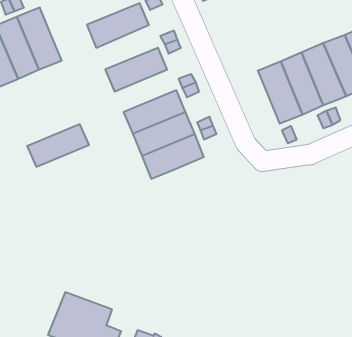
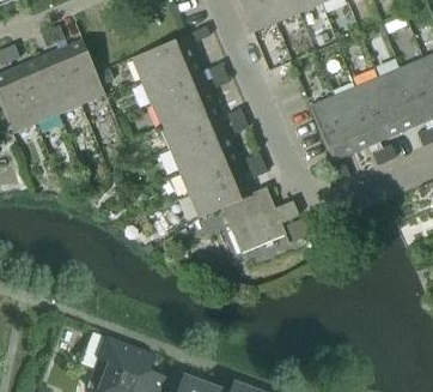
building: none -> [140,58,205,104]
building: [27,124,89,167] -> [159,104,224,149]
building: none -> [221,187,298,253]

